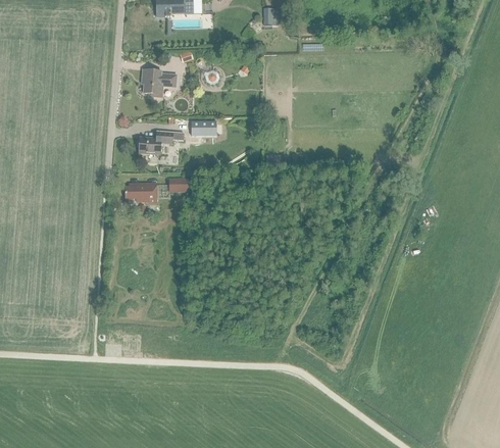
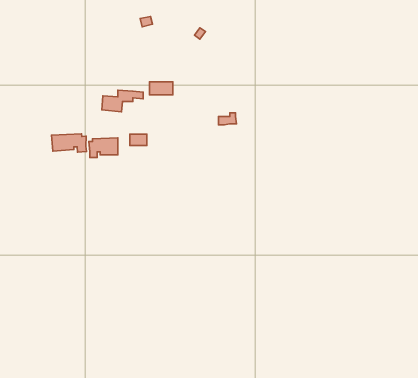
building: [142,69,177,97] -> none
building: none -> [52,134,86,152]

